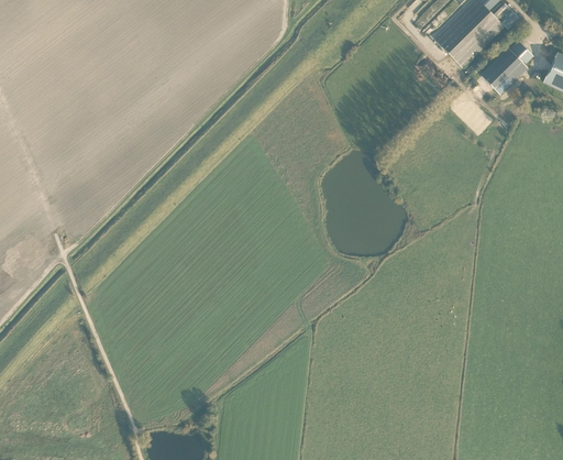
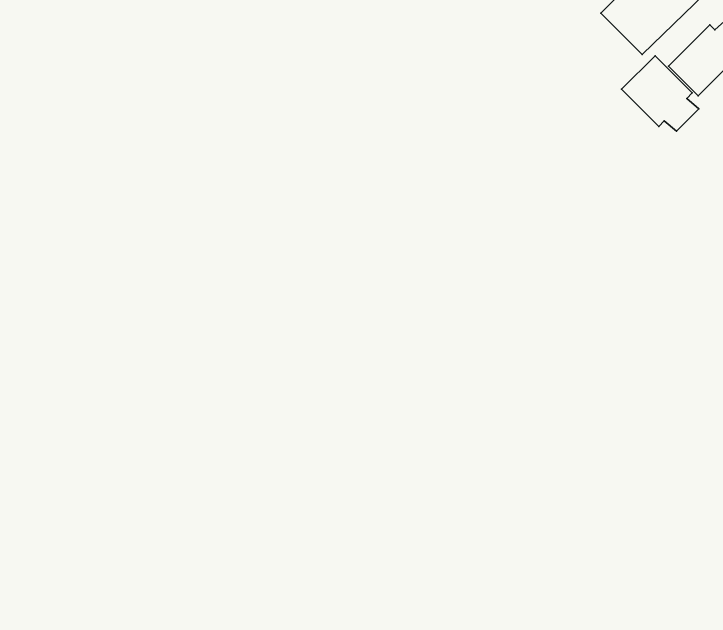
building: none -> [622,56,699,131]

